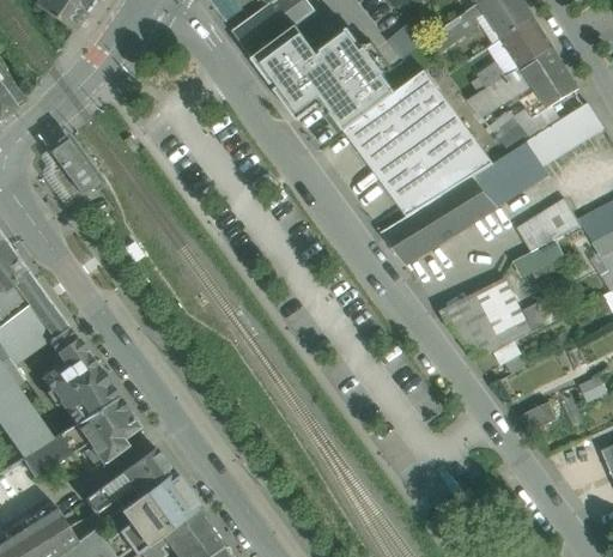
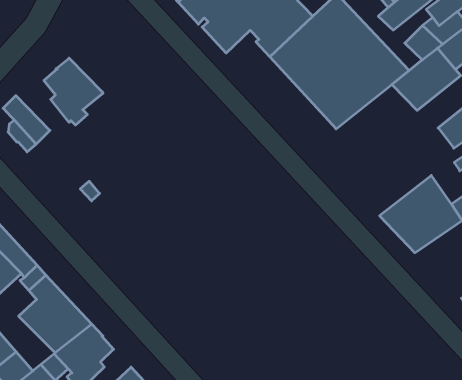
building: none -> [44,58,103,125]
building: [381,176,497,265] -> none

